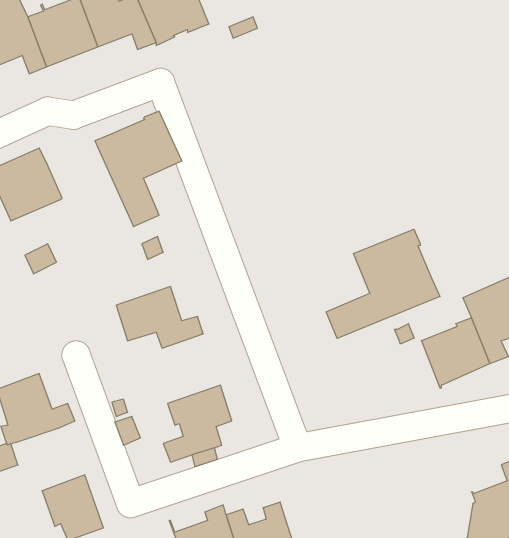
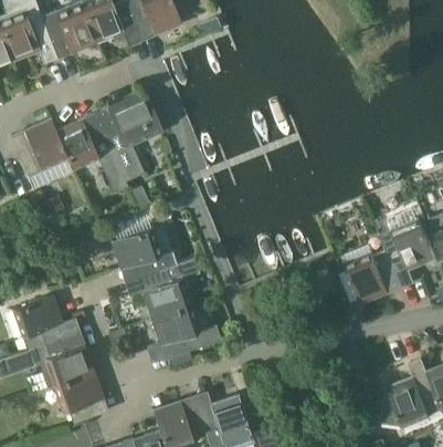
building: none -> [56,114,127,193]
building: [326,229,440,338] -> none
building: none -> [141,259,199,318]
building: none -> [33,336,86,387]

